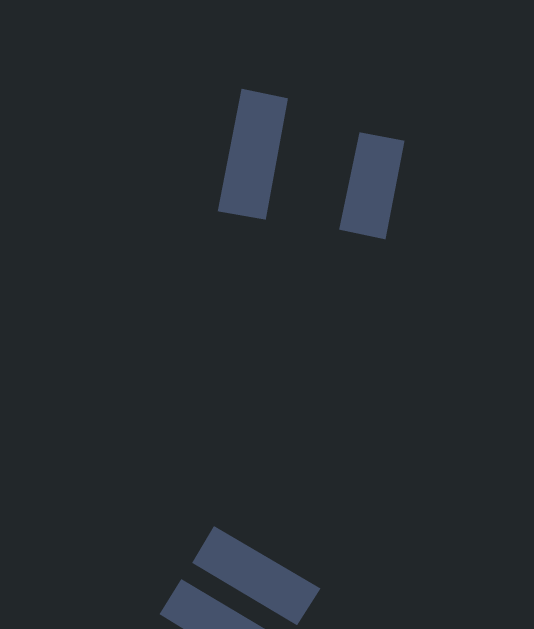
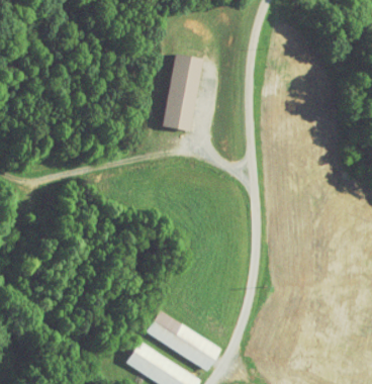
building: [338,131,405,240] -> none

